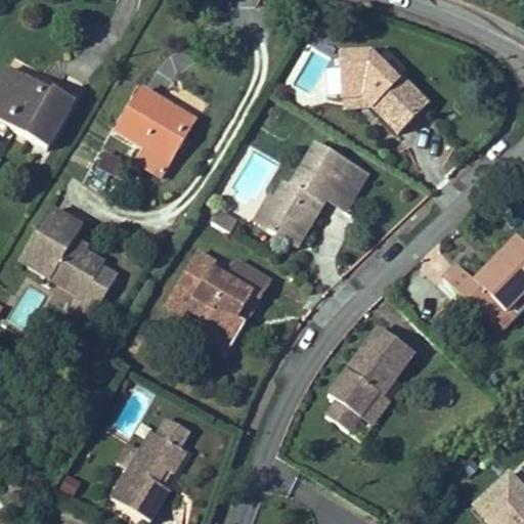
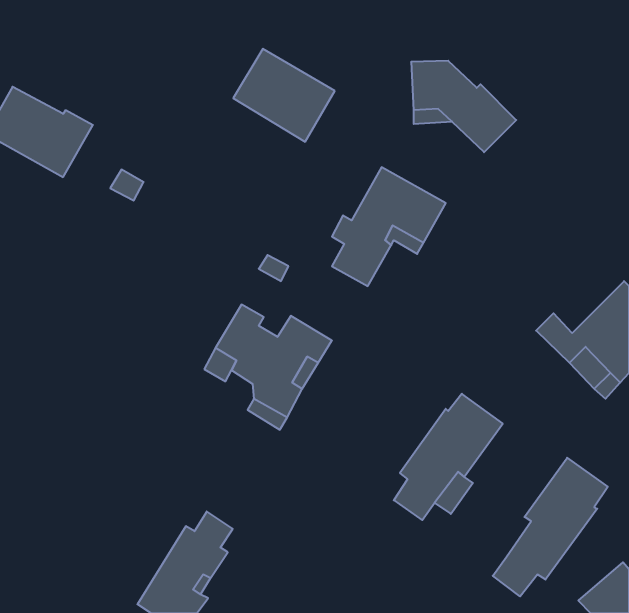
building: [120,92,204,169] -> [233,49,335,142]
building: [255,192,304,245] -> none
building: [25,209,108,299] -> none
building: none -> [493,458,608,596]

